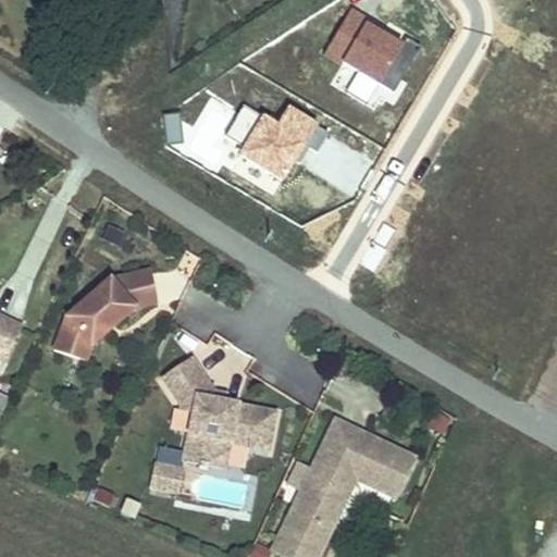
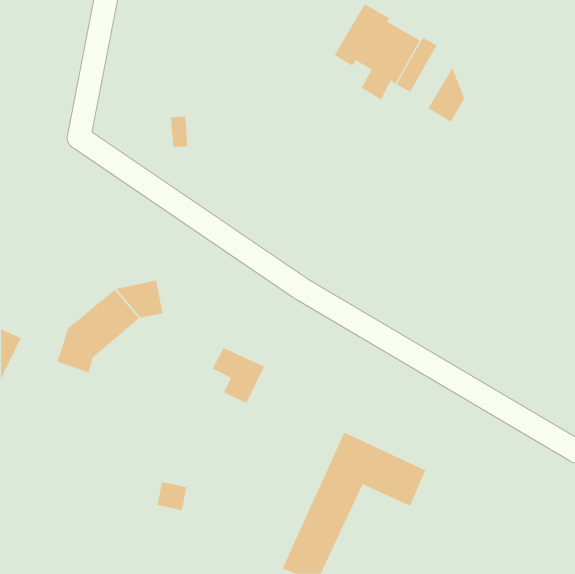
building: none -> [427,67,465,122]
building: [228,103,318,176] -> none
building: [163,359,276,468] -> none

